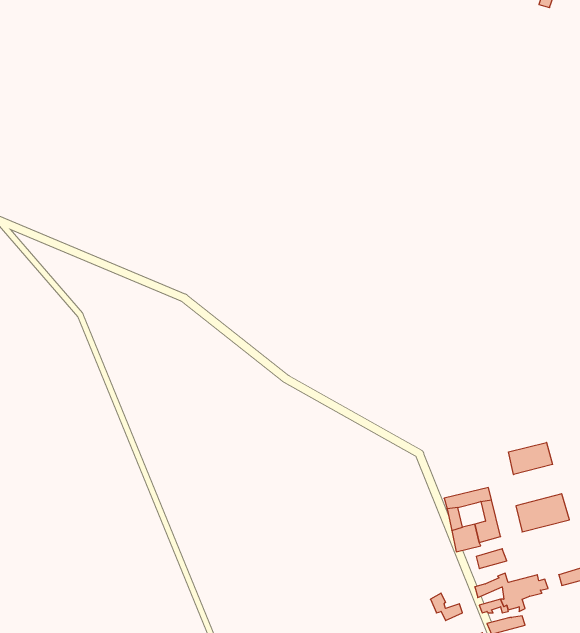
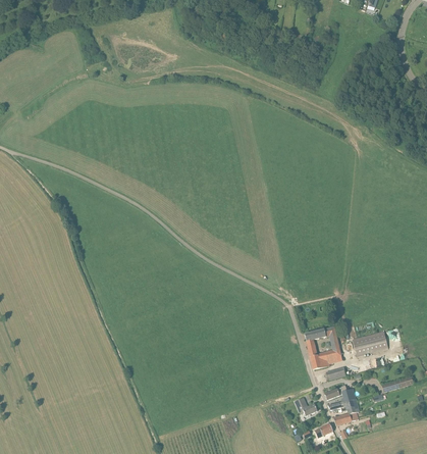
building: [509,442,553,475] -> none

